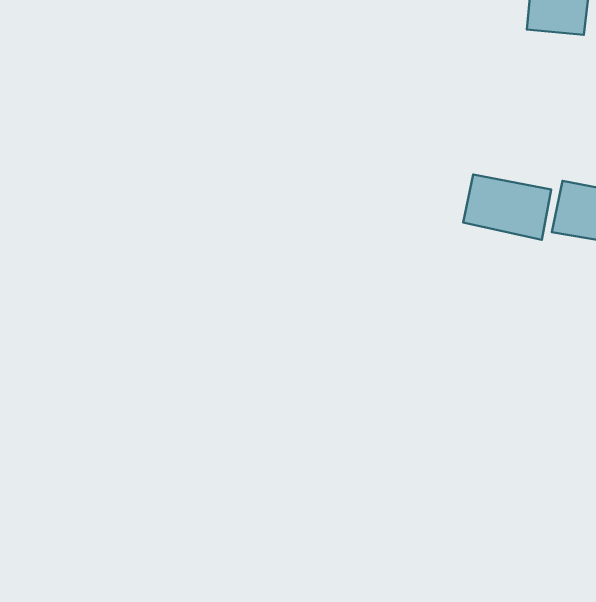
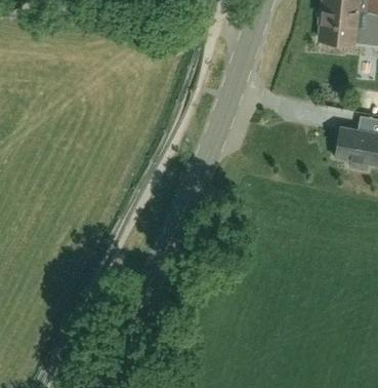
building: [463,174,551,240] -> none

